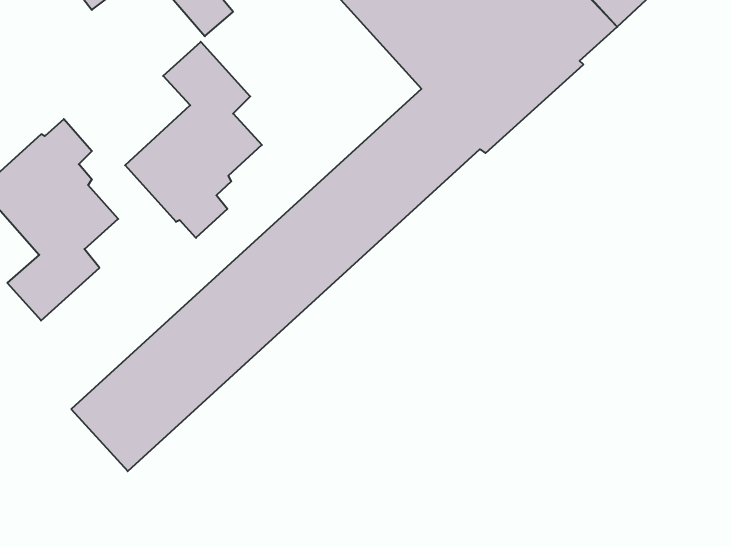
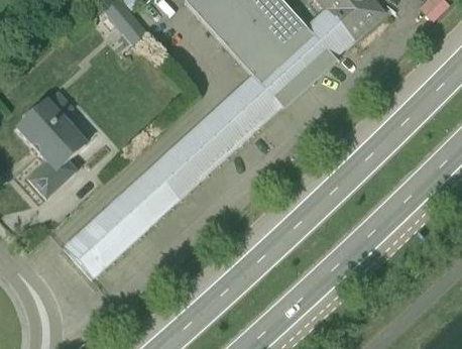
building: [125,42,262,238] -> none

